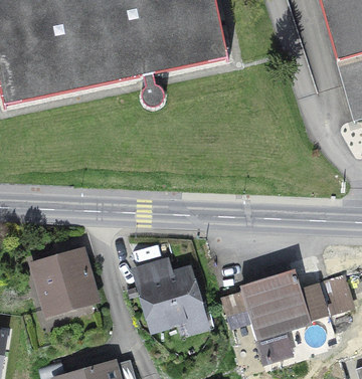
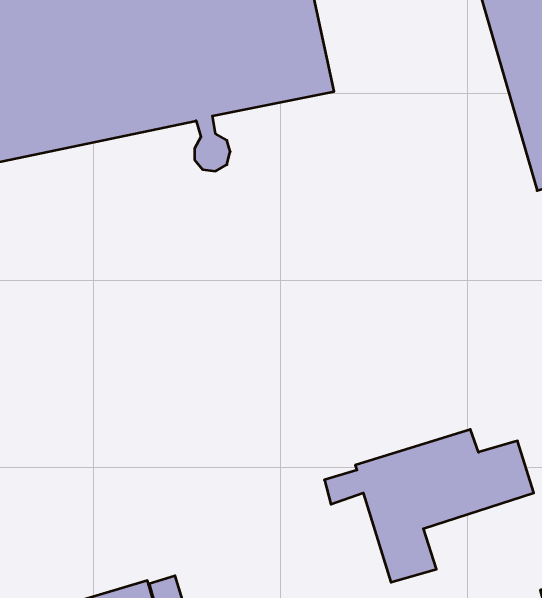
building: [34,250,97,313] -> none
building: [138,261,201,327] -> none

